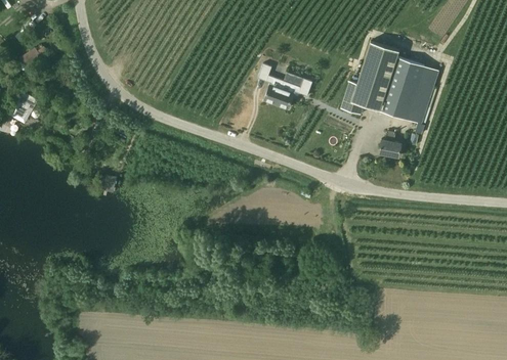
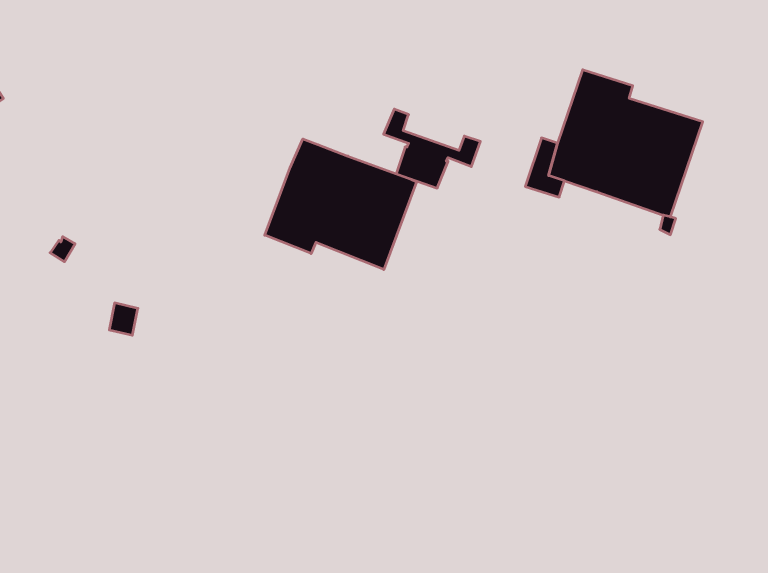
building: none -> [265,139,417,270]
building: [380,131,403,158] -> none

